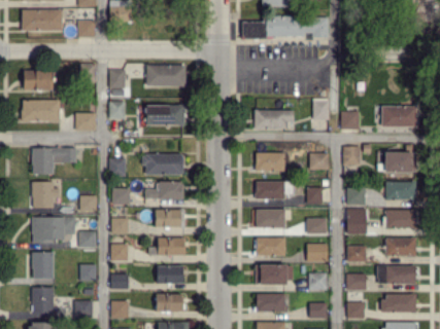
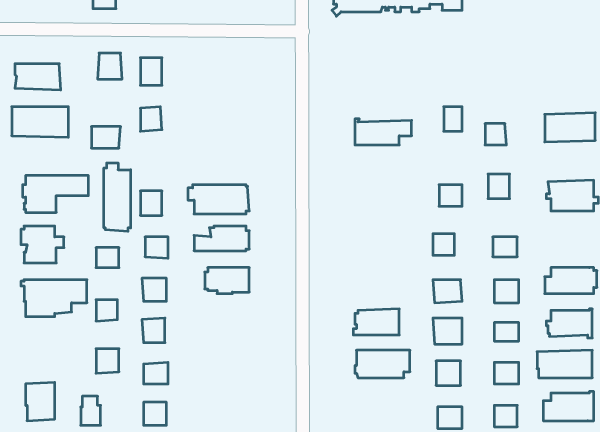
building: [148,66,184,85] -> none
building: [145,105,183,125] -> none
building: none -> [104,163,131,231]
building: [253,153,283,172] -> none
building: [253,182,283,202] -> none
building: [383,182,415,199] -> none
building: [253,209,283,227] -> none
building: [148,239,184,254] -> none
building: [33,253,54,278] -> none
building: [158,265,182,283] -> none
building: [256,294,284,312] -> none
building: [157,295,181,310] -> none

